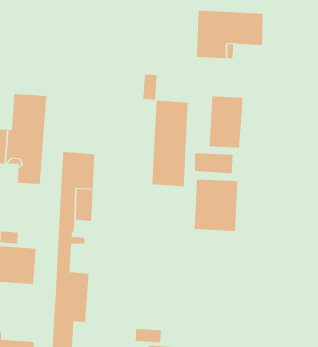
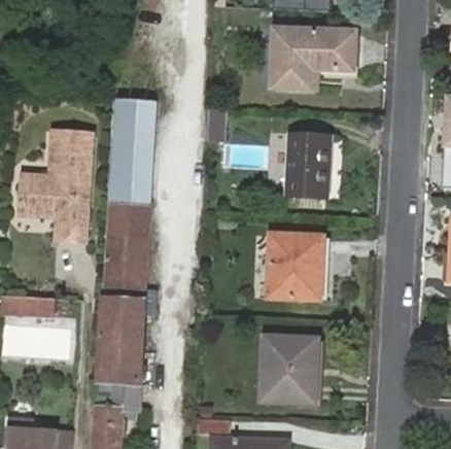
building: [152,100,189,187] -> [109,97,154,203]
building: [194,152,233,174] -> none
building: none -> [118,299,144,349]
building: none -> [263,337,318,401]

